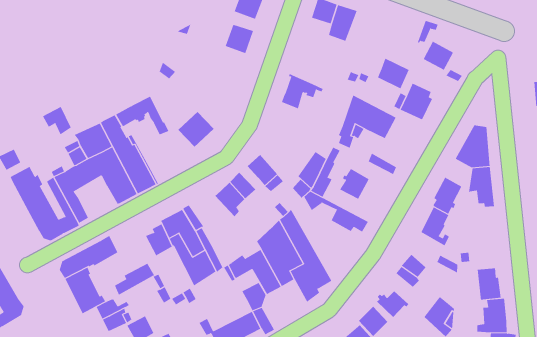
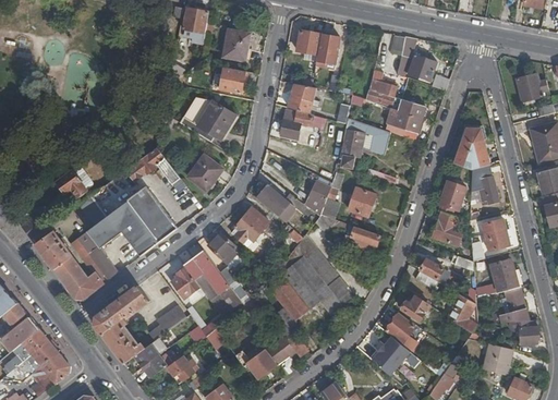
building: none -> [180,97,235,142]
building: none -> [288,83,316,112]
building: none -> [208,231,235,263]
building: none -> [481,219,508,250]

